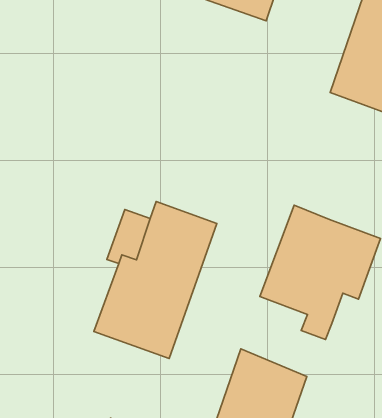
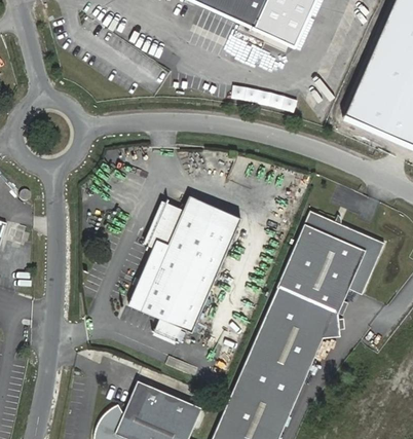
building: none -> [256,285,338,357]

